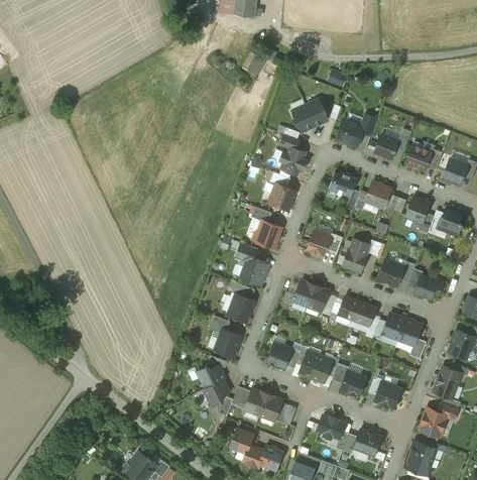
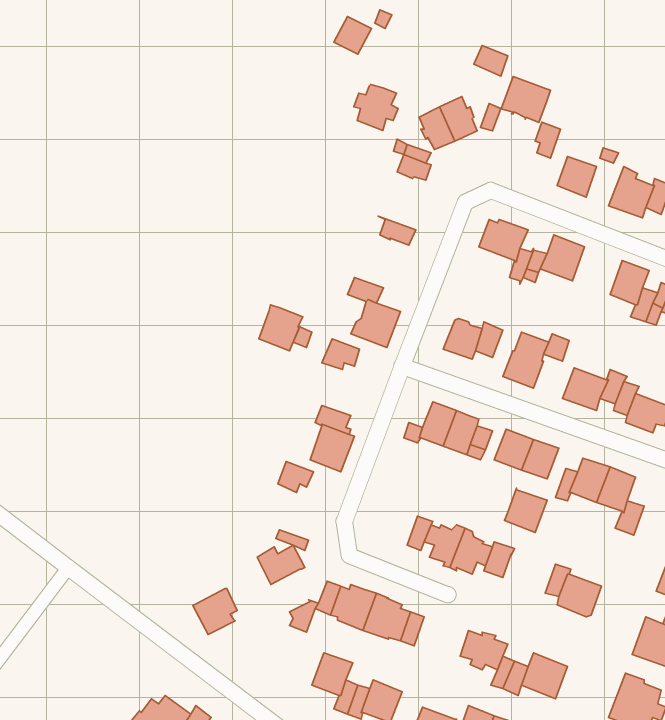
building: [335,119,364,146] -> [501,76,551,122]
building: [279,147,306,174] -> [354,85,398,131]
building: [268,184,294,210] -> none
building: [241,257,267,284] -> [259,305,303,351]
building: [215,329,240,357] -> none
building: [266,344,291,369] -> none
building: [340,370,365,396] -> [505,488,547,533]
building: [203,379,229,406] -> [193,588,237,634]

